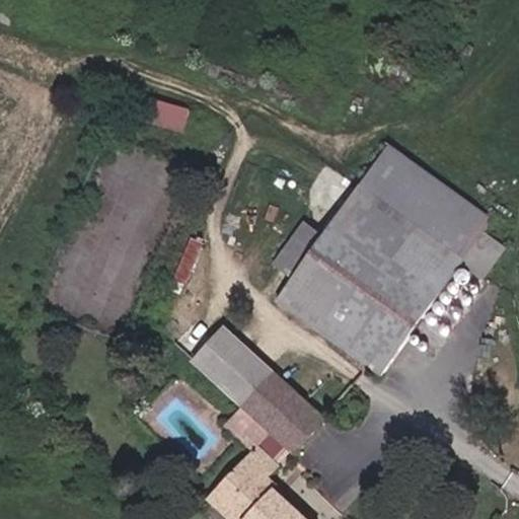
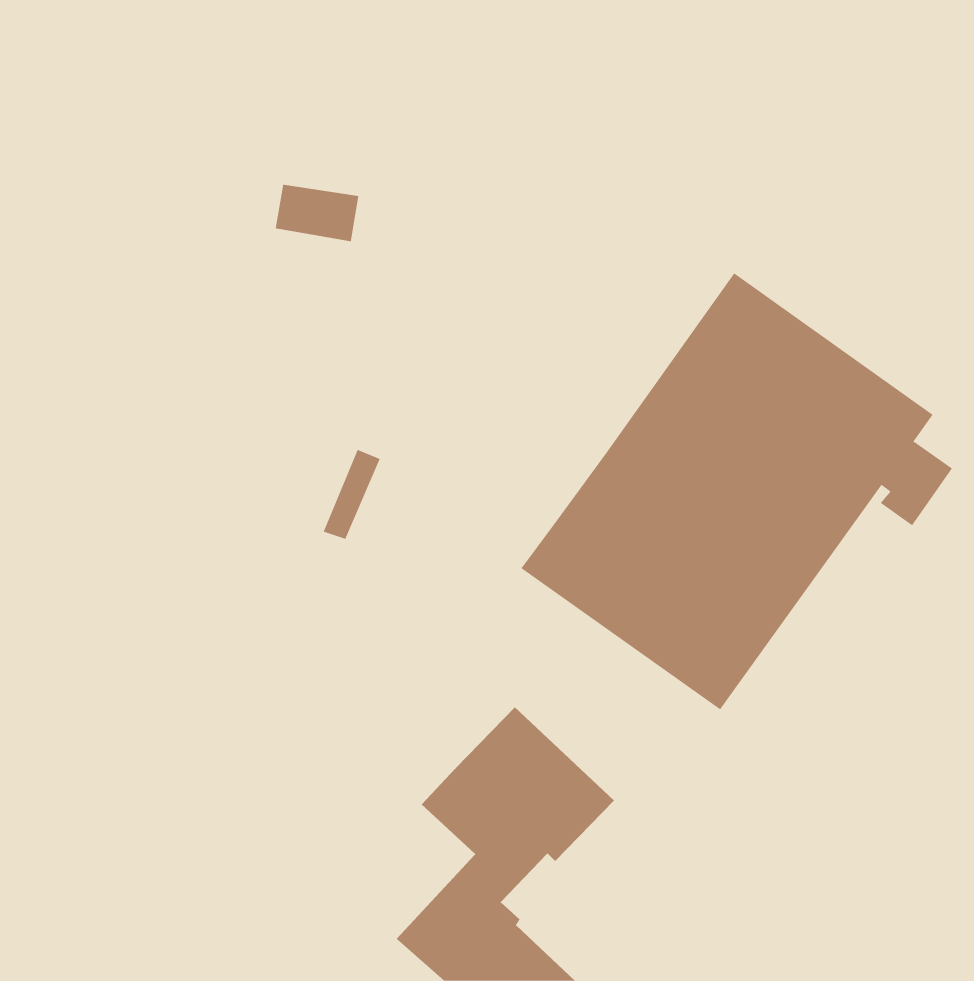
building: [275,226,319,277] -> none
building: [191,327,272,405] -> none

